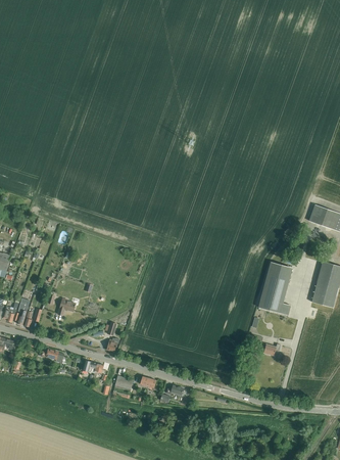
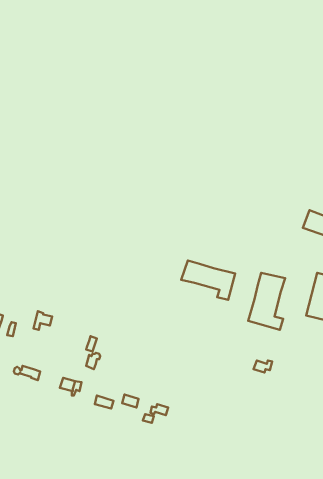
building: none -> [181,261,235,300]

